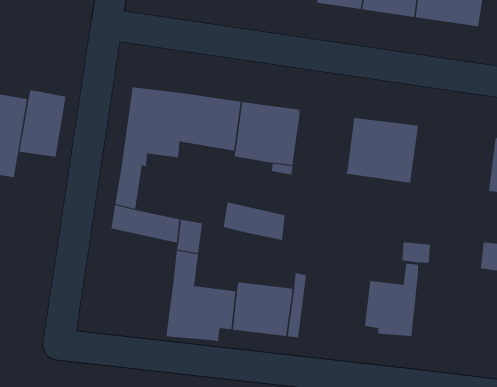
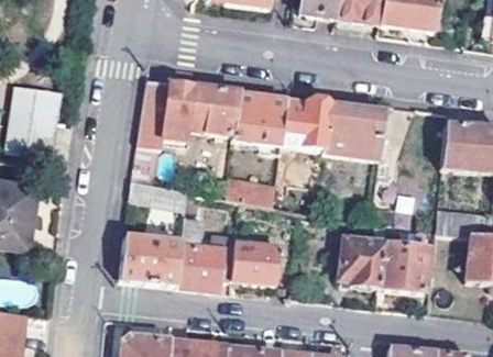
building: [19,89,66,158] -> none
building: none -> [281,102,330,148]
building: none -> [379,233,426,291]
building: none -> [119,235,180,286]

